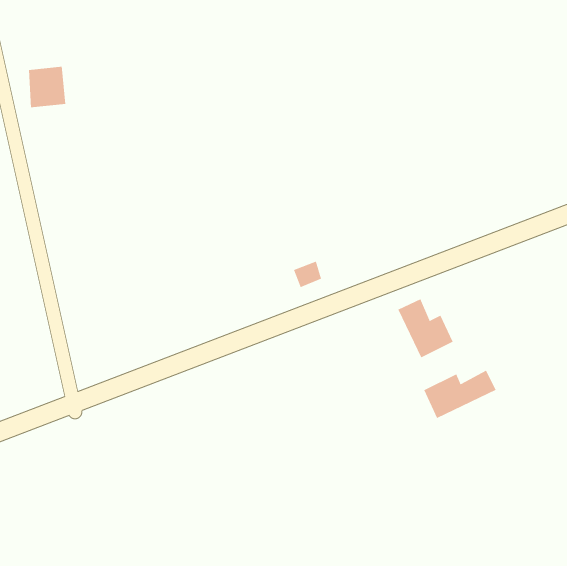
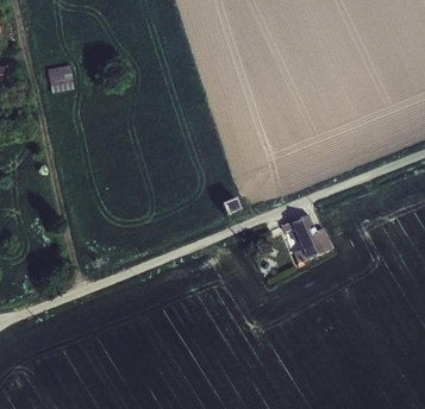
building: [424,370,496,419] -> none

